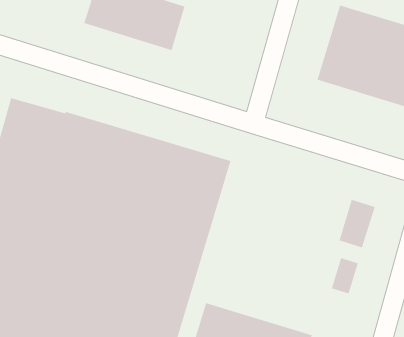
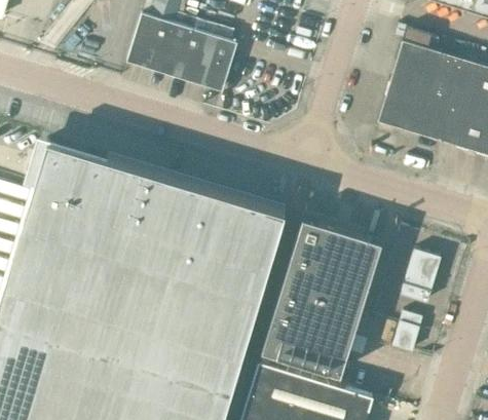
building: none -> [263,216,382,374]

